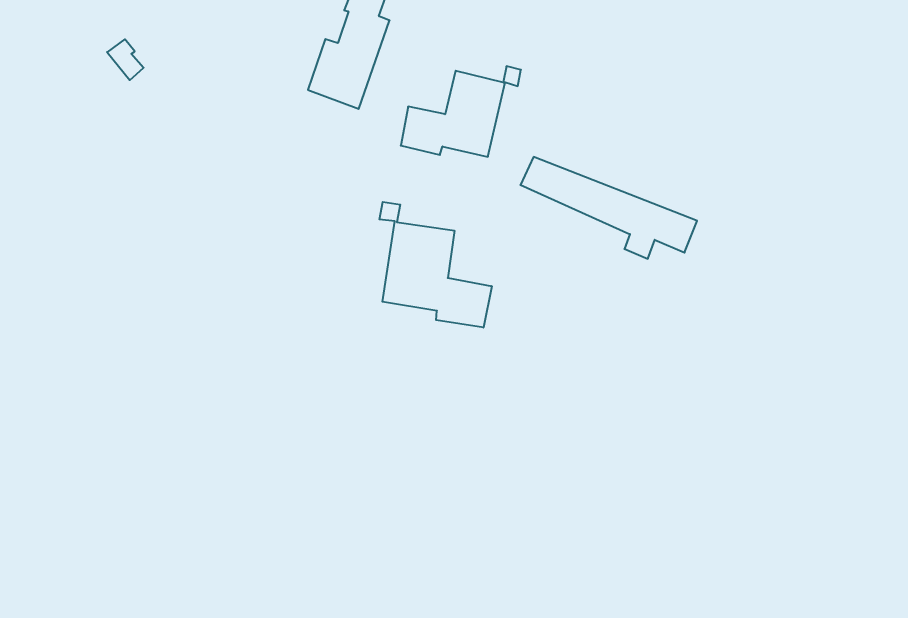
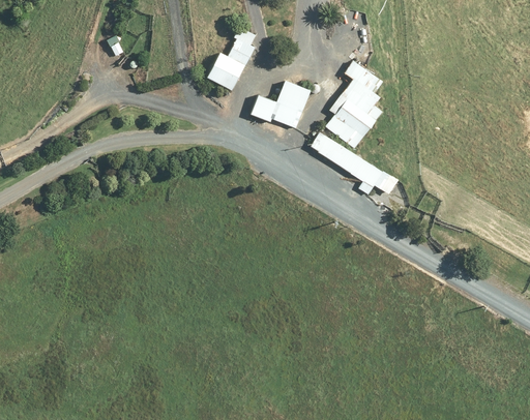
building: none -> [324,60,382,148]
building: [379,202,492,328] -> none

